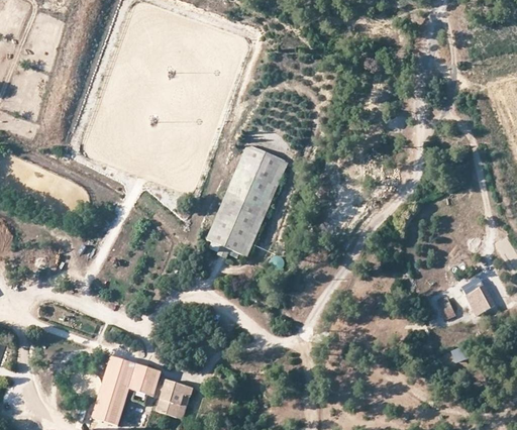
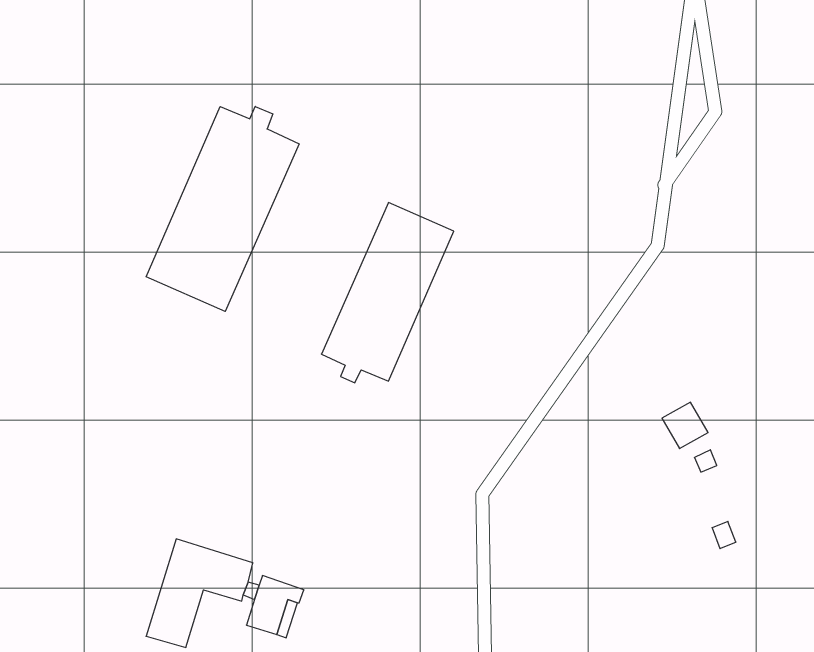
building: none -> [146,106,299,311]
building: [467,284,496,313] -> [662,402,708,449]

